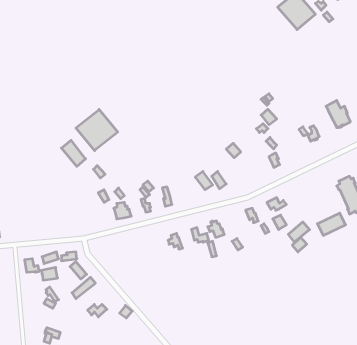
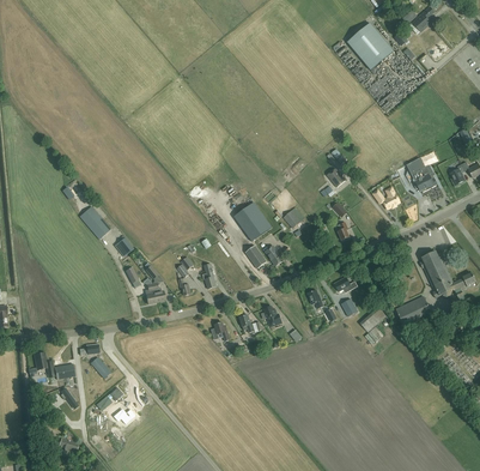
building: [76,109,118,151] -> none
building: none -> [235,203,272,241]

